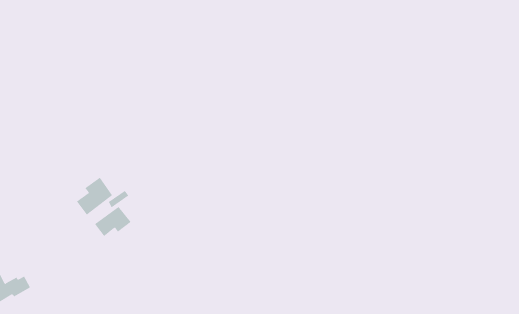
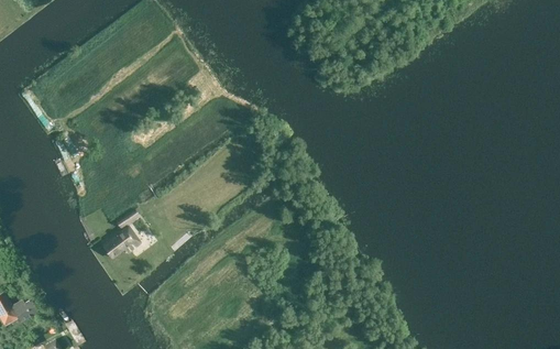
building: [76,177,113,215] -> none

